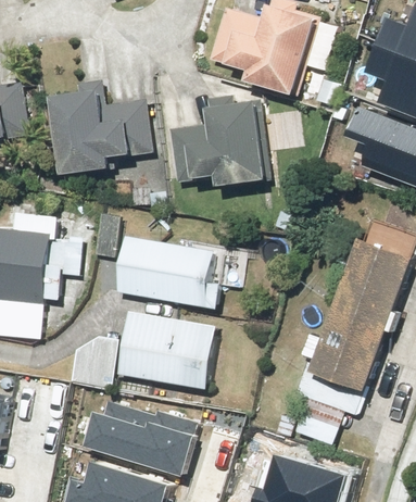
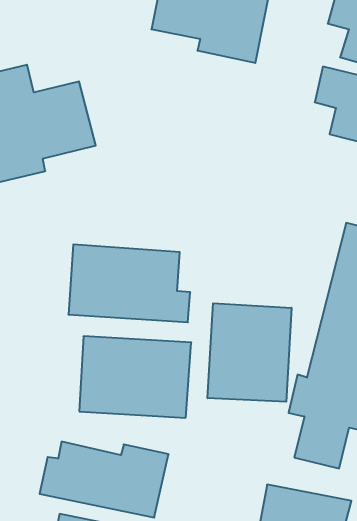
building: [169,100,266,187] -> none
building: none -> [208,303,291,402]

